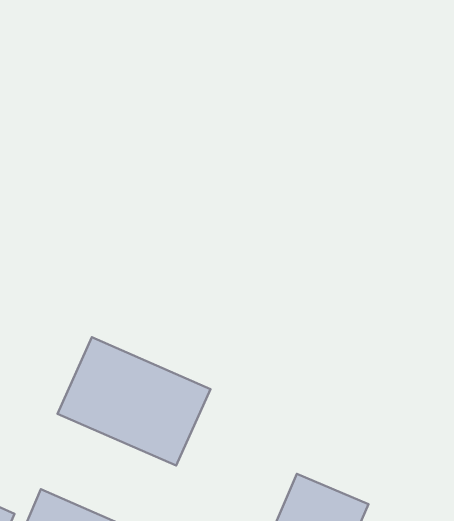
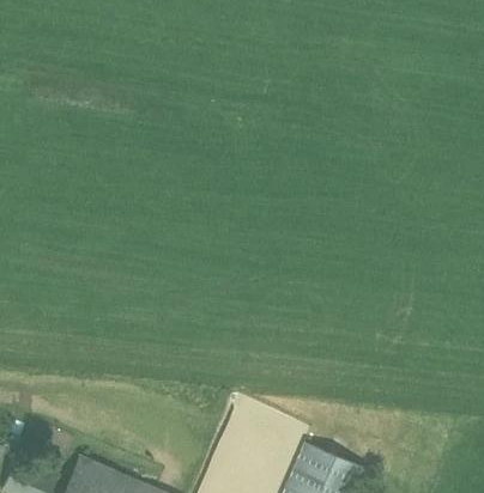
building: [58,337,210,466] -> none

